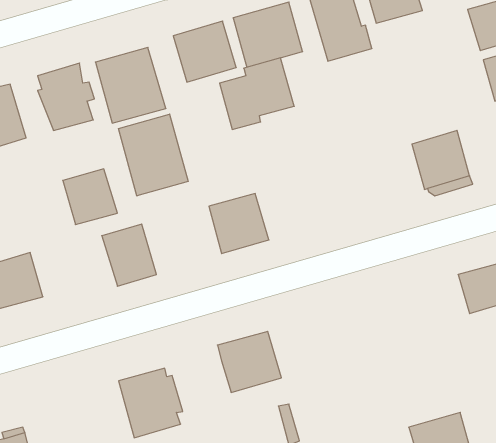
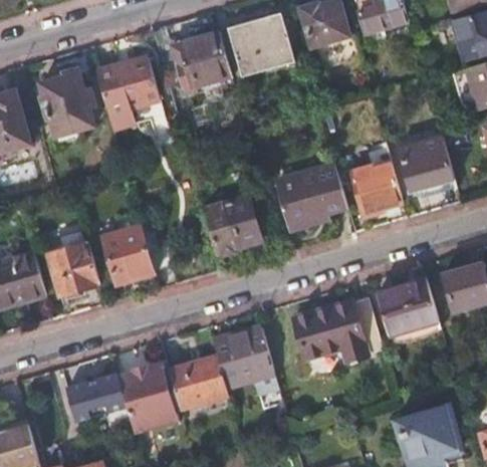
building: [220,58,294,129] -> [276,163,347,231]
building: [118,114,188,196] -> none
building: none -> [352,163,404,213]
building: [63,169,117,225] -> [49,244,101,297]
building: none -> [377,277,443,337]
building: none -> [293,296,385,362]
building: none -> [170,357,228,409]
building: none -> [62,372,125,424]

